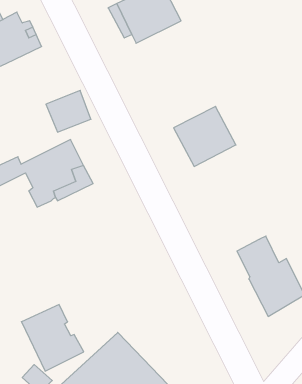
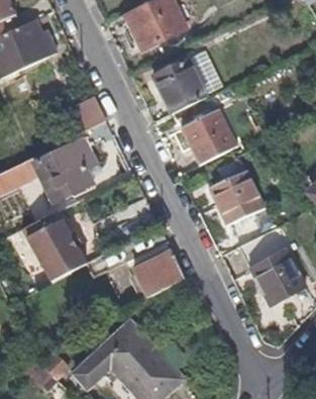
building: none -> [153,57,208,114]
building: none -> [211,172,264,224]
building: none -> [130,251,185,298]
building: [21,305,84,371] -> [28,218,87,281]

